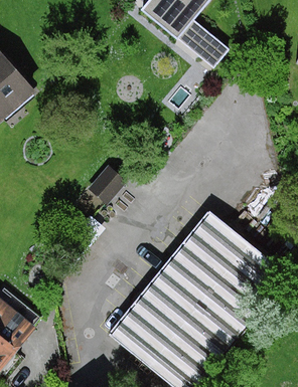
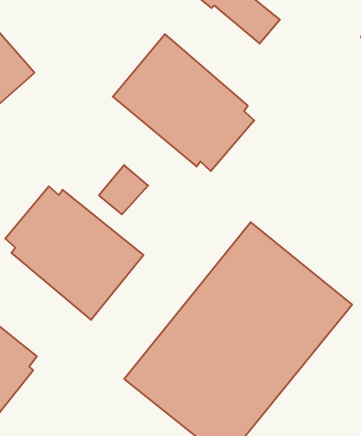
building: none -> [113,34,254,171]
building: none -> [5,186,143,320]

